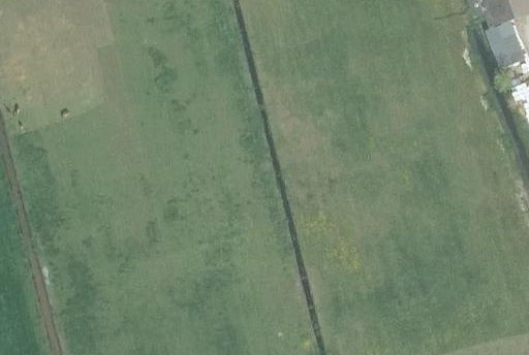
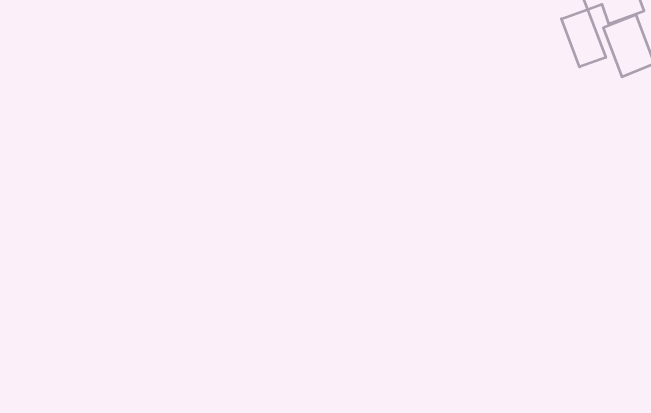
building: none -> [561,9,606,67]

